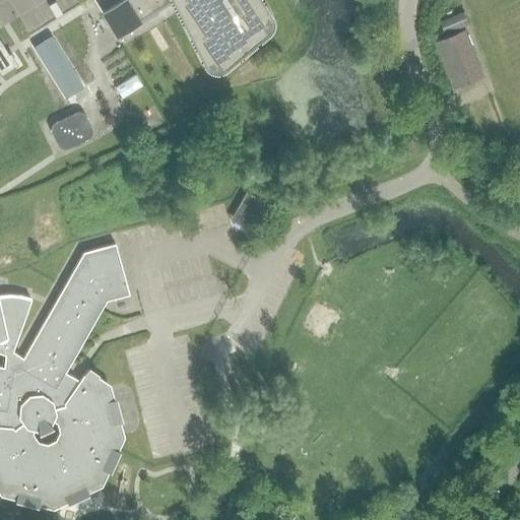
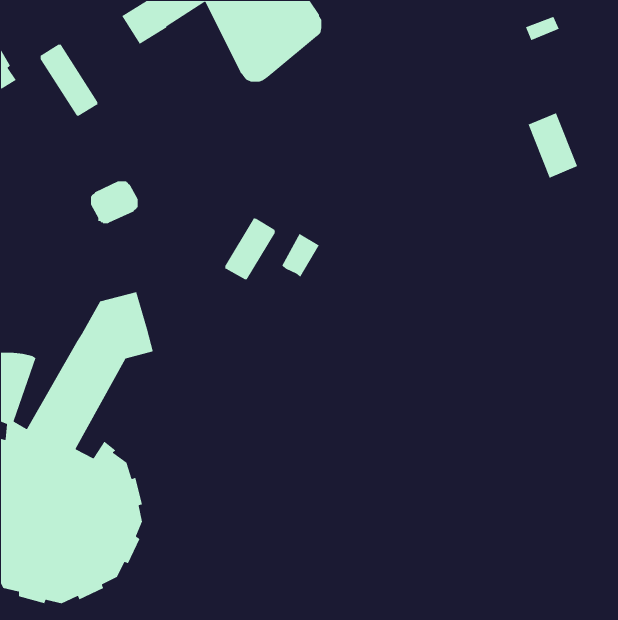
building: [440,31,482,87] -> [527,112,578,179]
building: [52,113,92,149] -> [90,181,139,224]
building: none -> [224,218,277,280]

